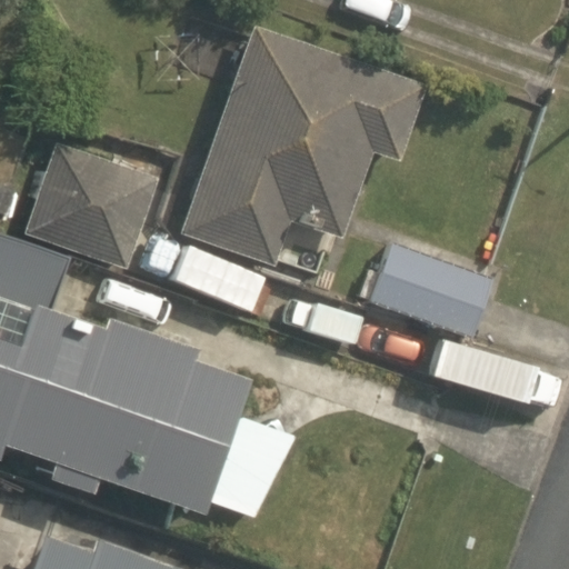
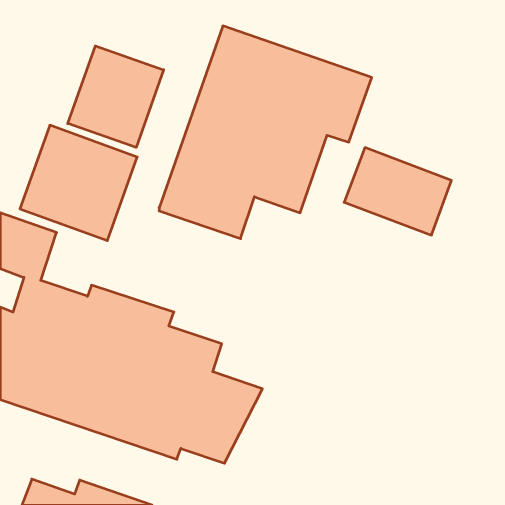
building: none -> [68,46,164,147]
building: [370,241,490,339] -> [344,148,451,235]

